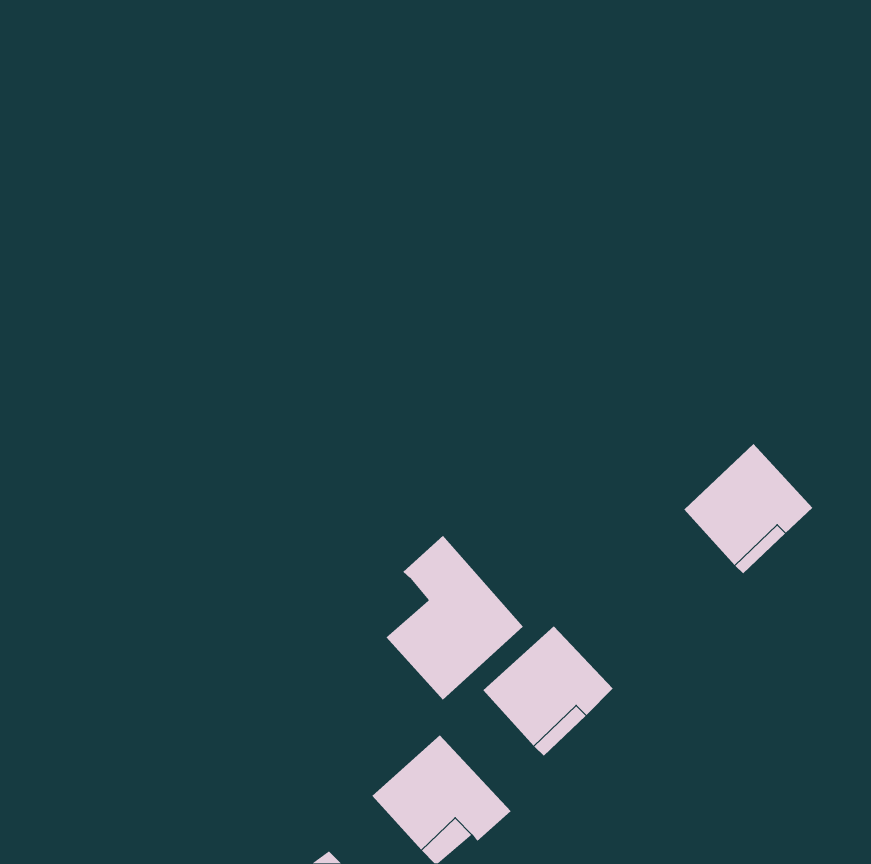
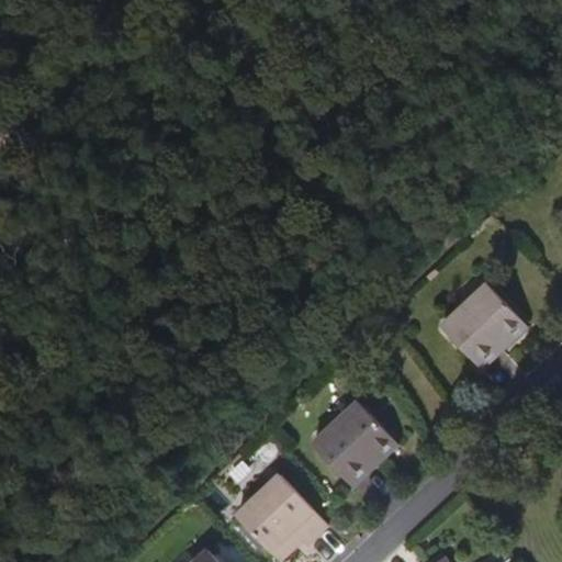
building: [385,535,524,700] -> none

